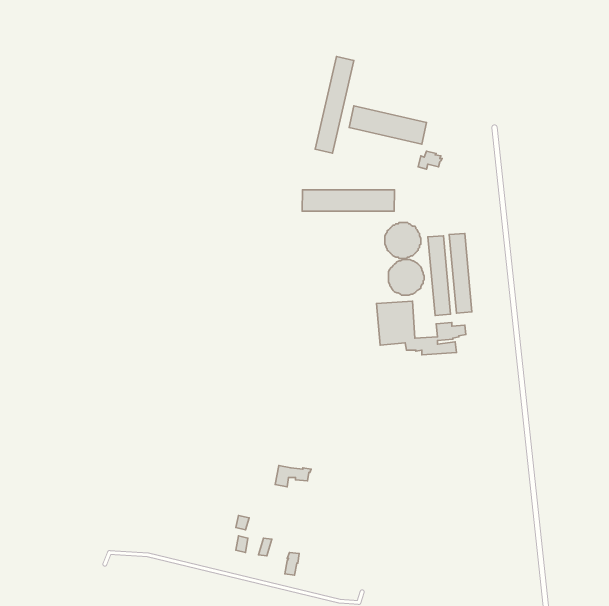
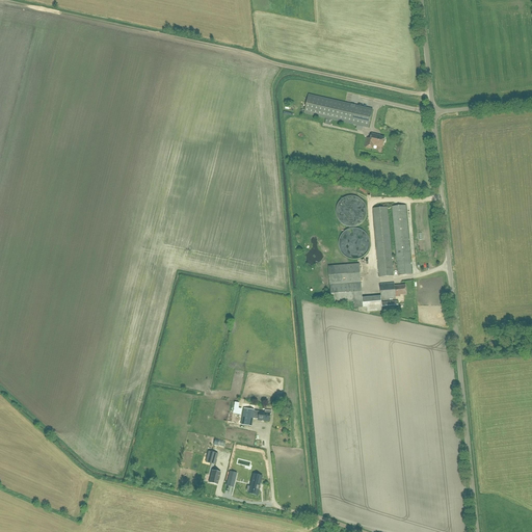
building: [315,56,354,153] -> none
building: [302,190,394,211] -> none

